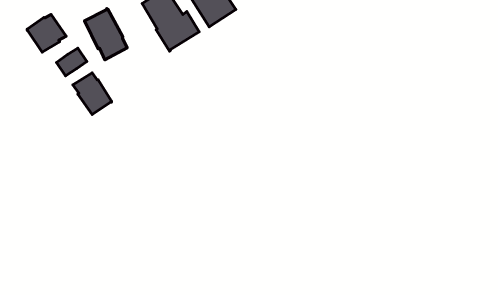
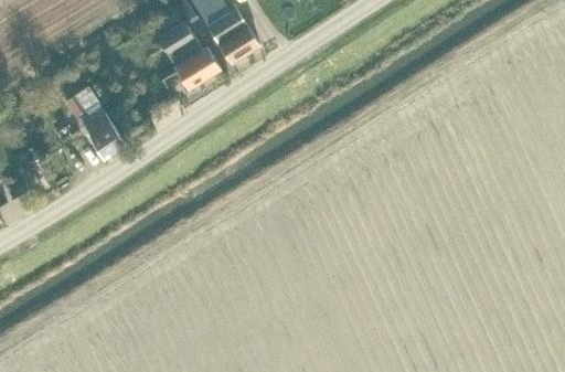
building: [84,9,127,60] -> none
building: [27,14,66,52] -> none

